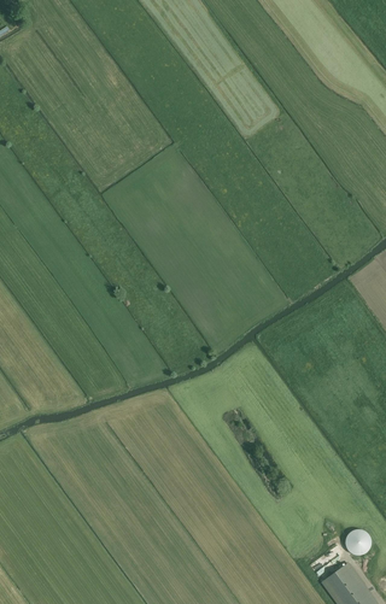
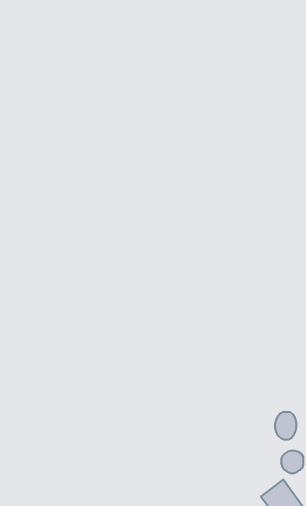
building: none -> [275,412,296,440]

